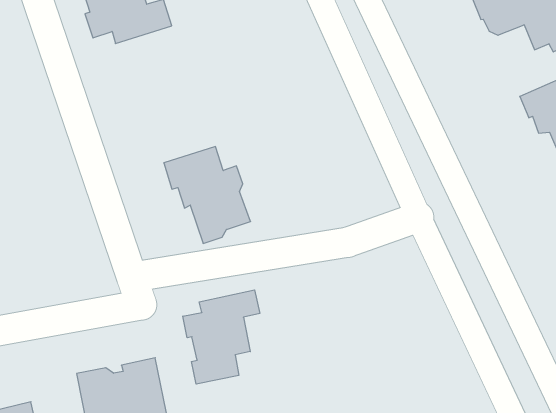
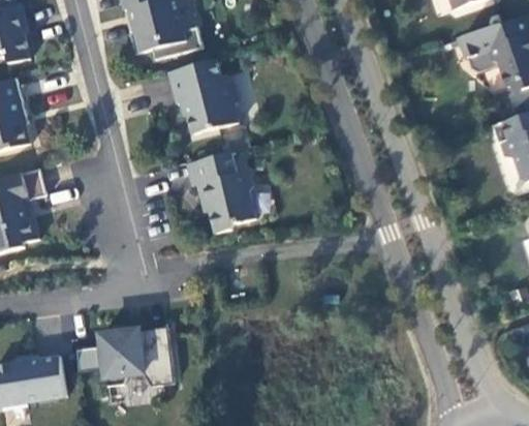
building: none -> [167,58,238,131]
building: [183,290,260,384] -> none

